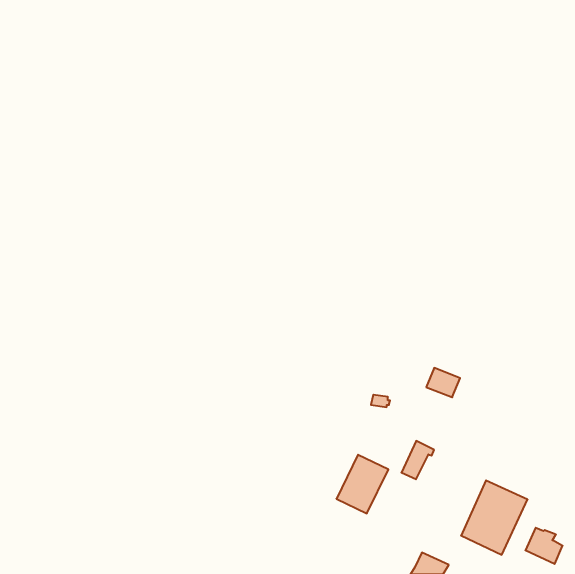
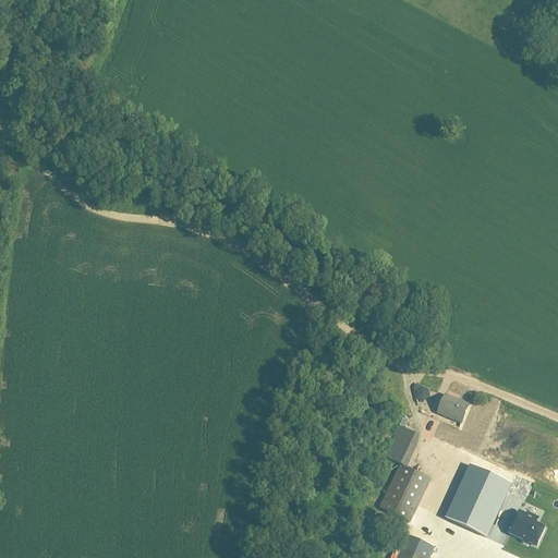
building: [426,368,460,397] -> [436,393,469,422]
building: [336,455,388,513] -> [379,464,429,521]

